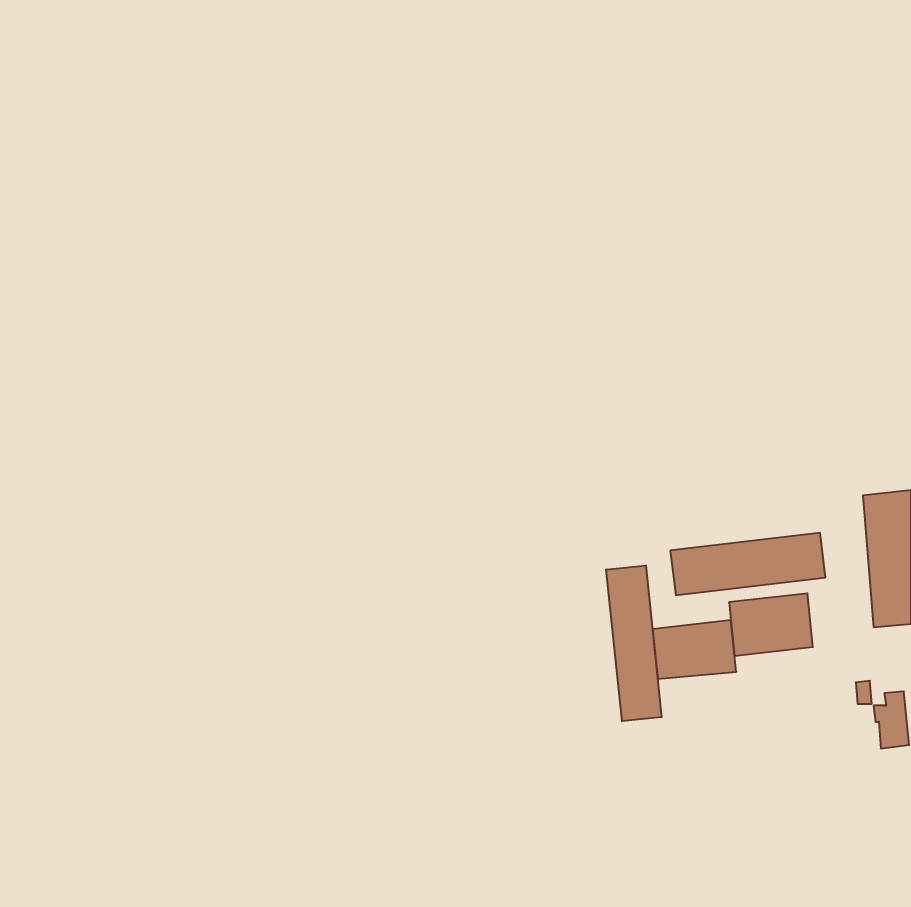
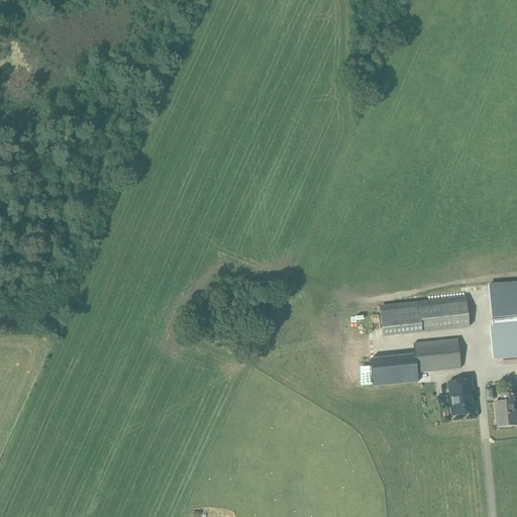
building: [606,565,662,721] -> none
building: none -> [448,378,475,413]

